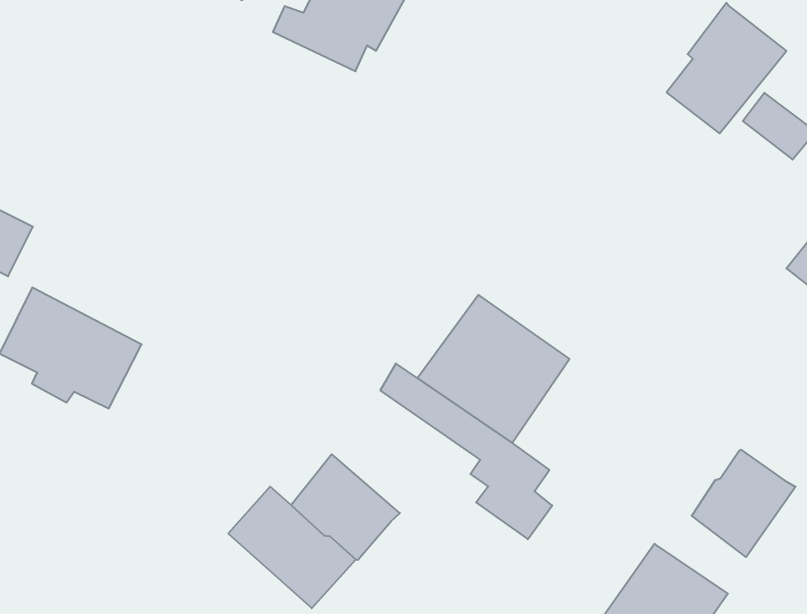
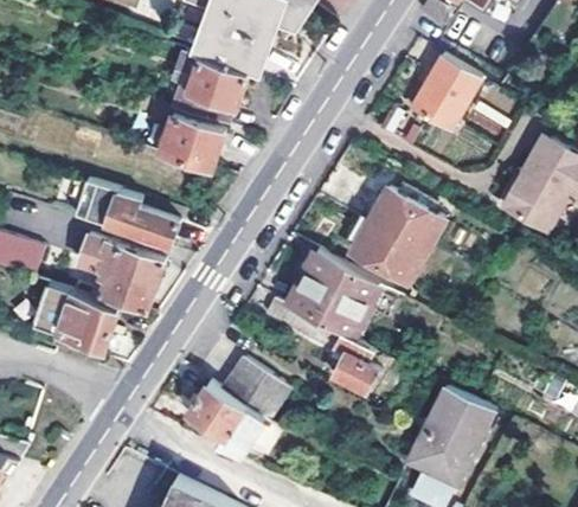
building: none -> [160,113,230,167]
building: none -> [77,184,178,245]
building: none -> [351,185,445,281]
building: none -> [76,233,163,312]
building: [692,450,796,557] -> none

